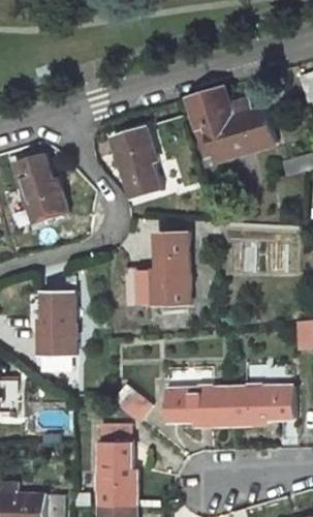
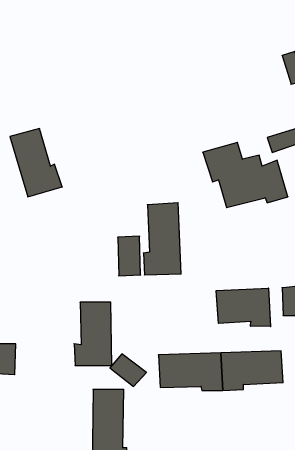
building: [188,87,277,155] -> [203,142,288,208]
building: [108,126,159,201] -> none
building: [38,288,77,355] -> [74,302,112,365]
building: none -> [216,288,271,327]

